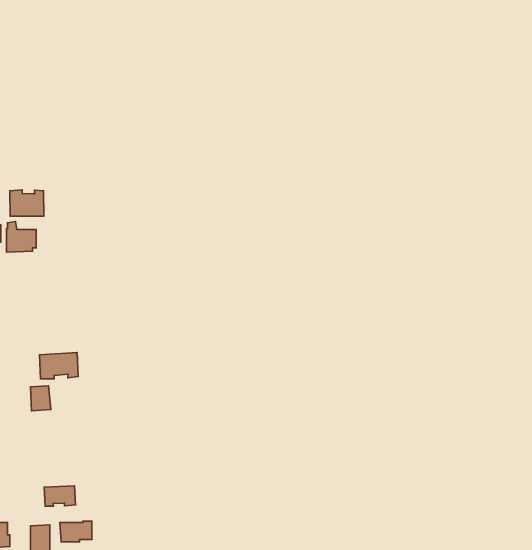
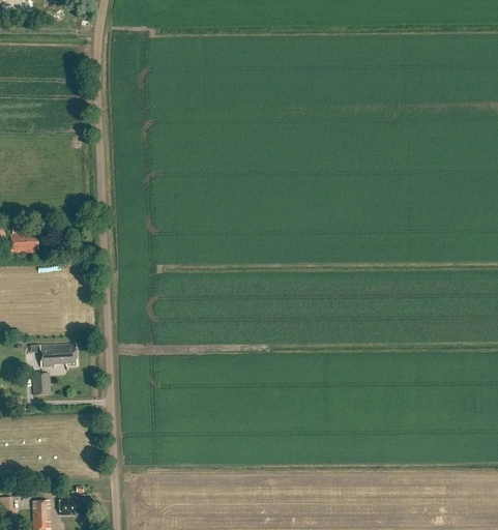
building: [10,190,44,216] -> none
building: [44,486,76,506] -> none

